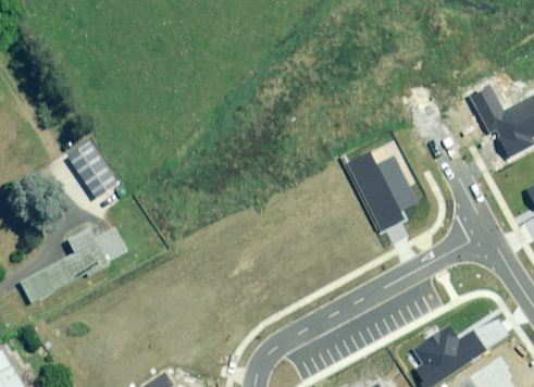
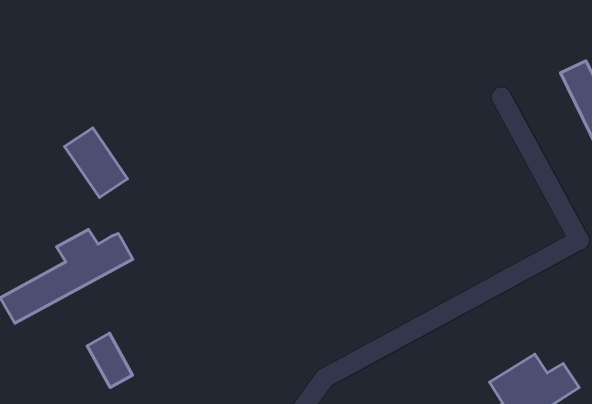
building: [349,152,415,232] -> none
building: none -> [87,333,133,388]

